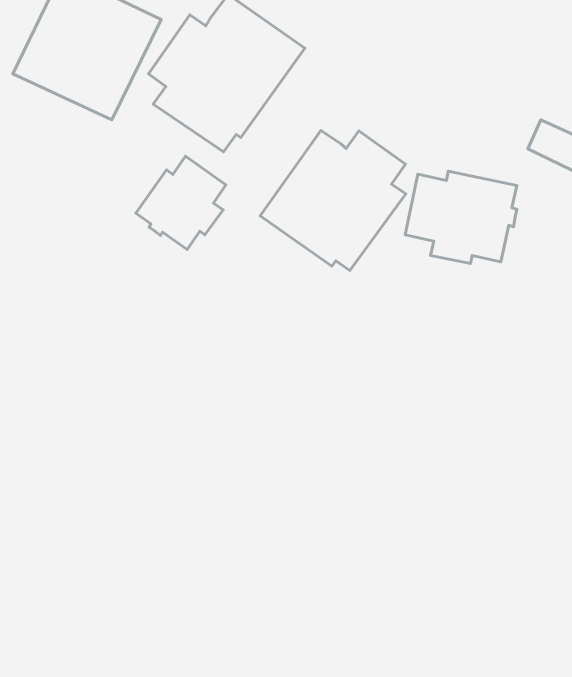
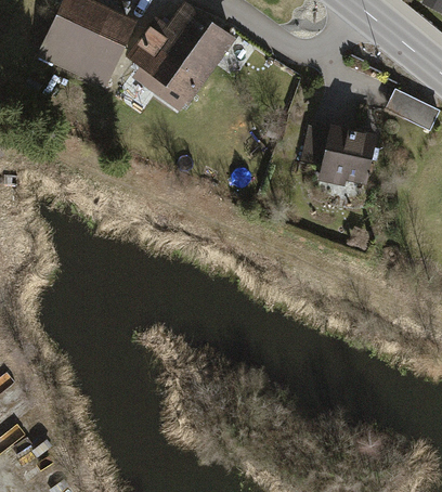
building: [260,130,406,271] -> none
building: [136,156,226,250] -> none

